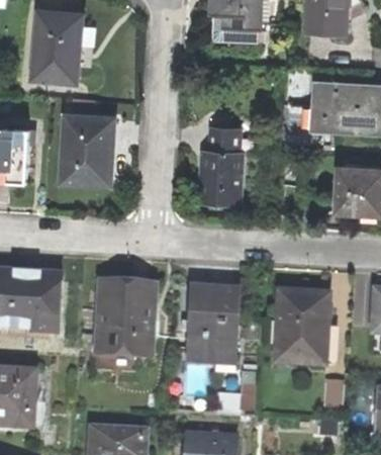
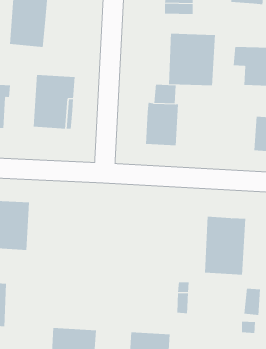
building: none -> [169,33,215,86]
building: [94,281,153,355] -> none
building: [183,286,237,363] -> none

